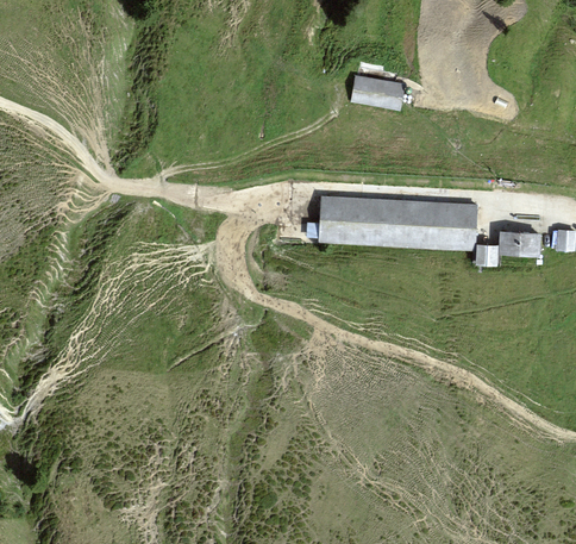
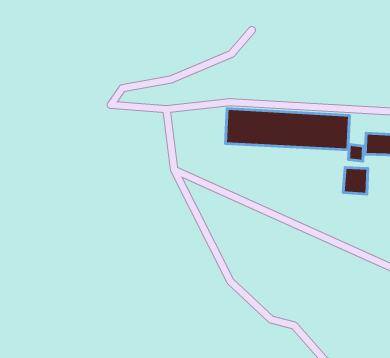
building: [351,75,402,108] -> none
building: none -> [343,167,368,194]

